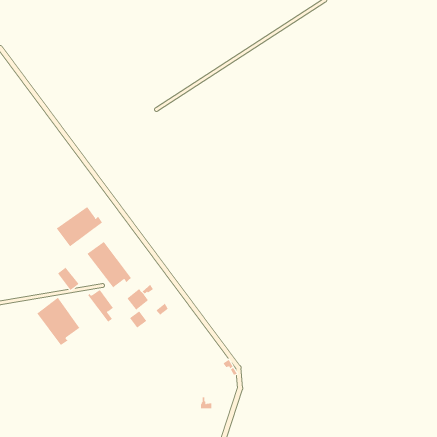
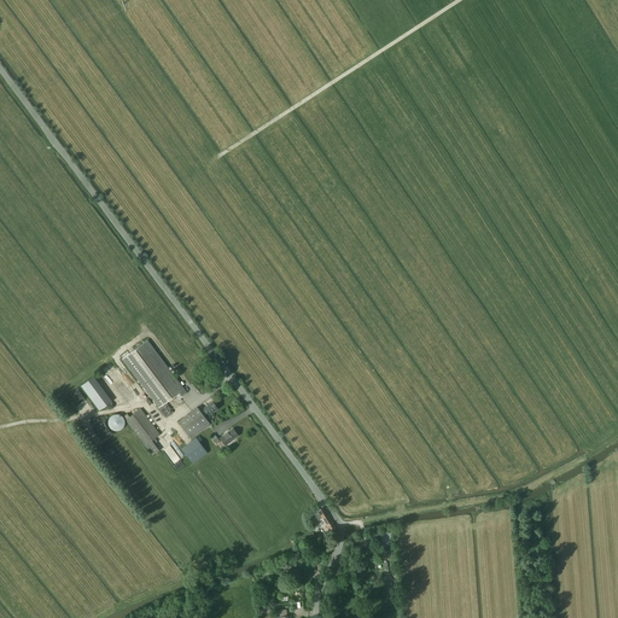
building: [56,206,103,247] -> none
building: [37,297,80,346] -> none

